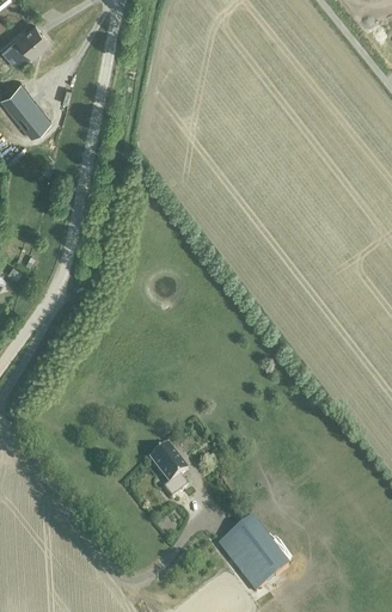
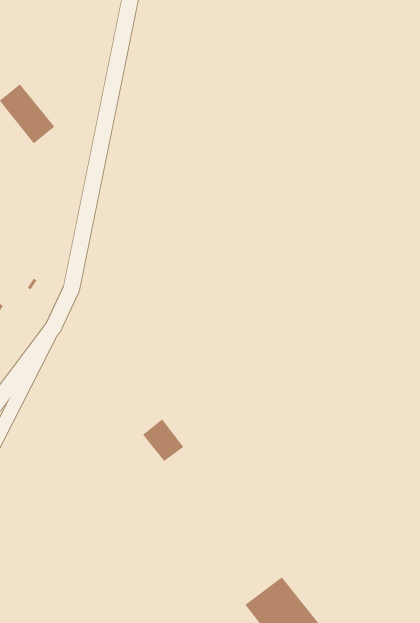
building: [13,25,49,57] -> none
building: [149,445,186,483] -> [142,419,184,462]

